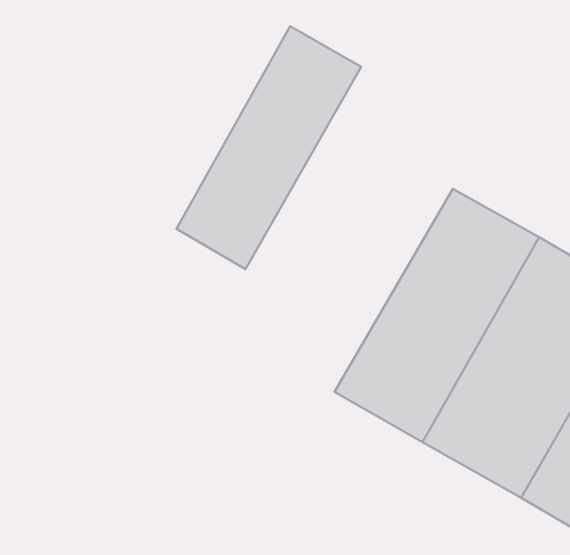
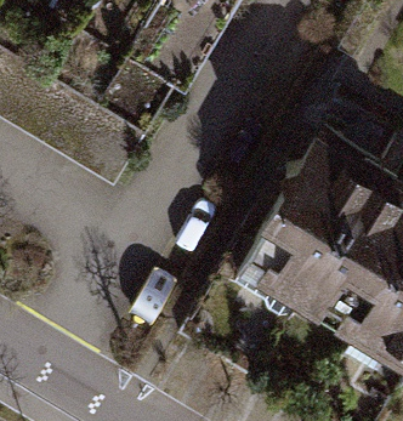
building: [176,26,361,269] -> none

